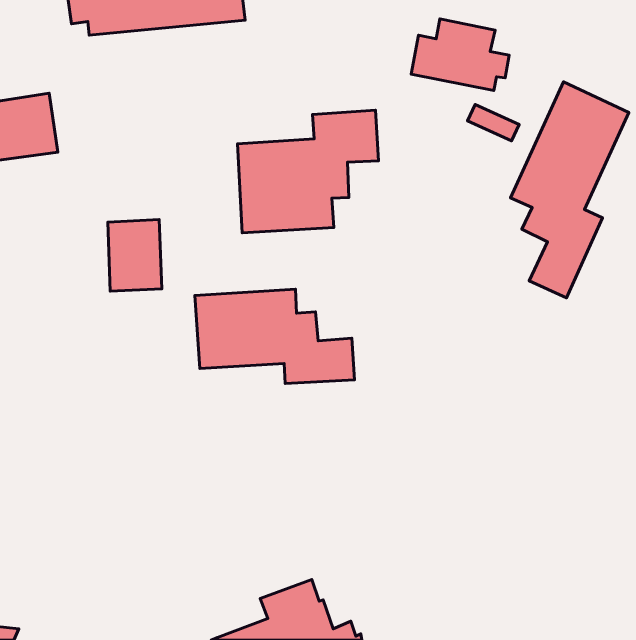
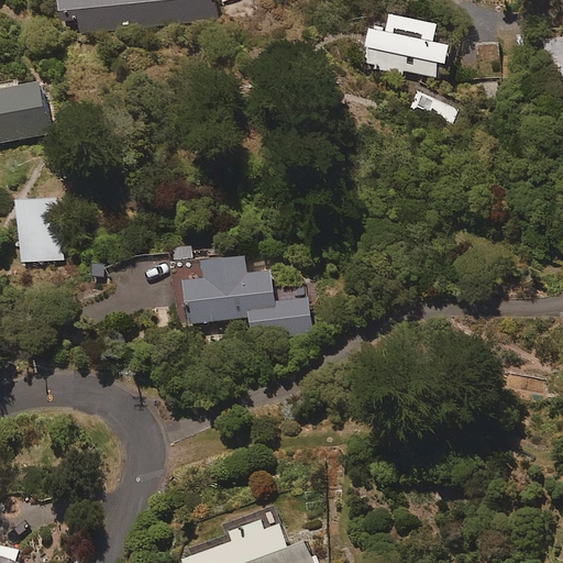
building: [510,82,629,298] -> none
building: [237,110,378,233] -> none
building: [108,220,162,291] -> [20,199,67,262]

